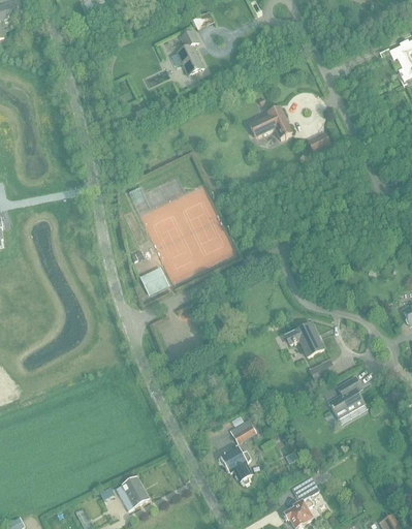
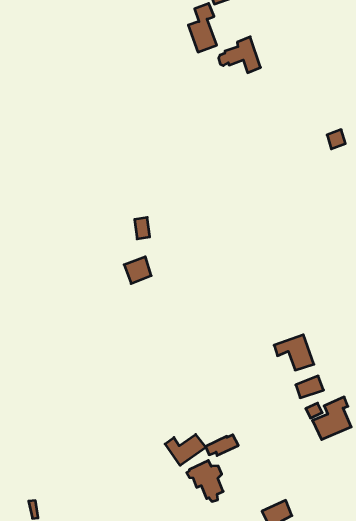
building: [252,106,291,139] -> [219,37,261,73]
building: none -> [165,434,206,465]
building: [116,477,149,507] -> none

